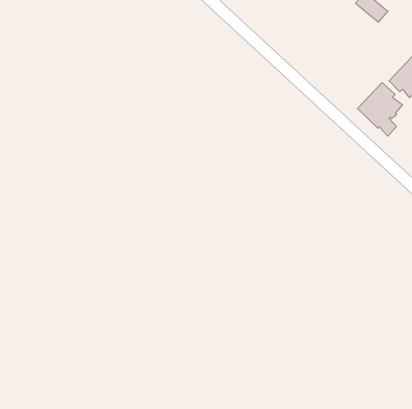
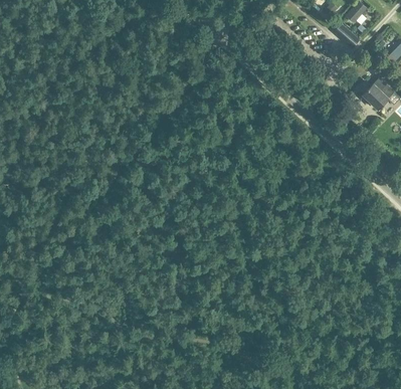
building: [357,83,403,136] -> none

